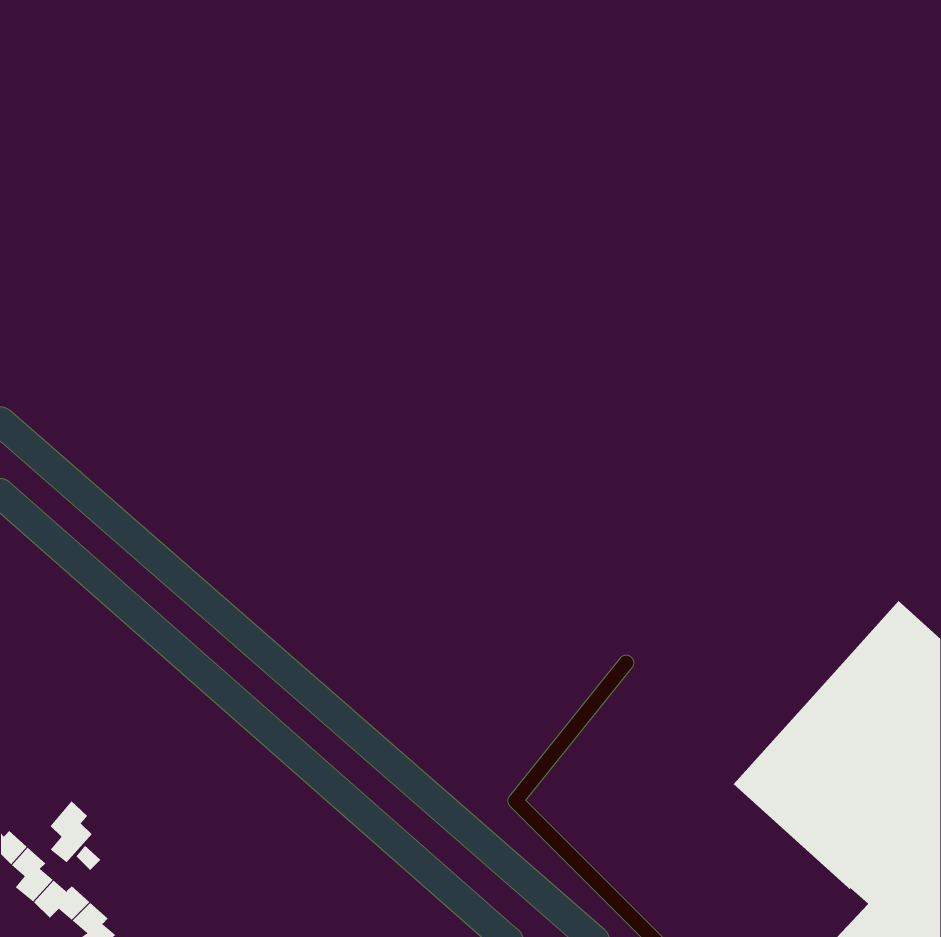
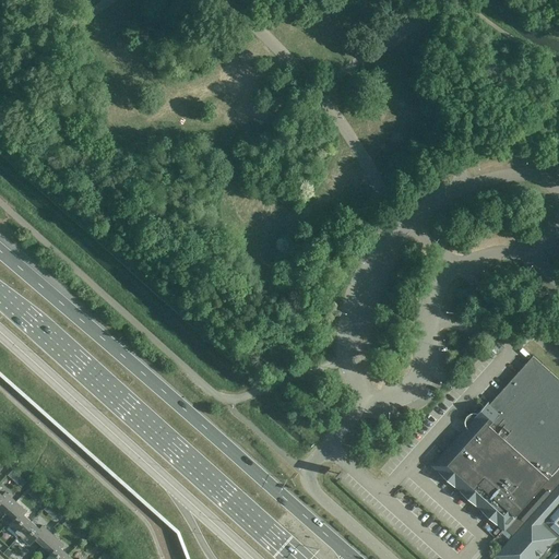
building: [50,801,92,863] -> none

